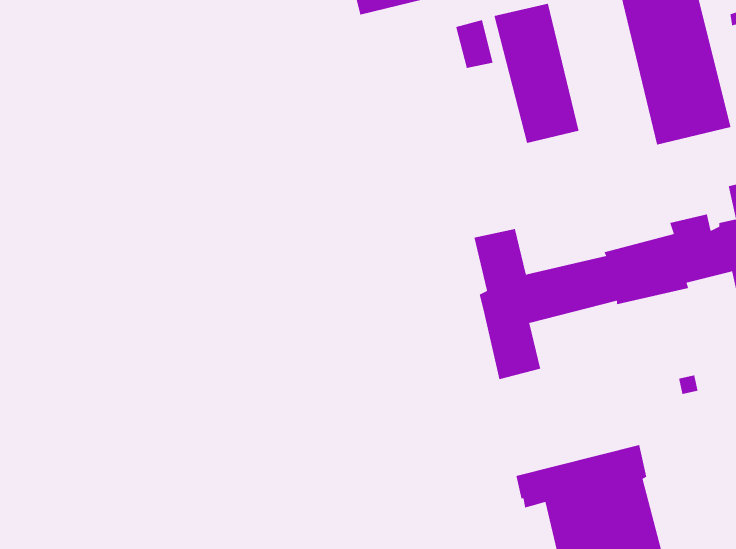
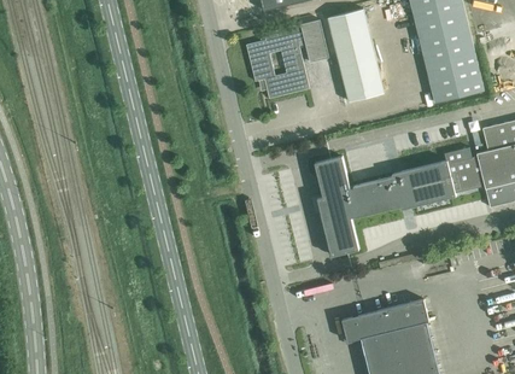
building: none -> [245,24,309,99]

